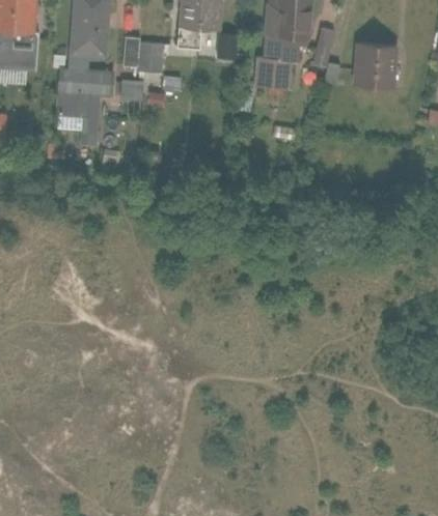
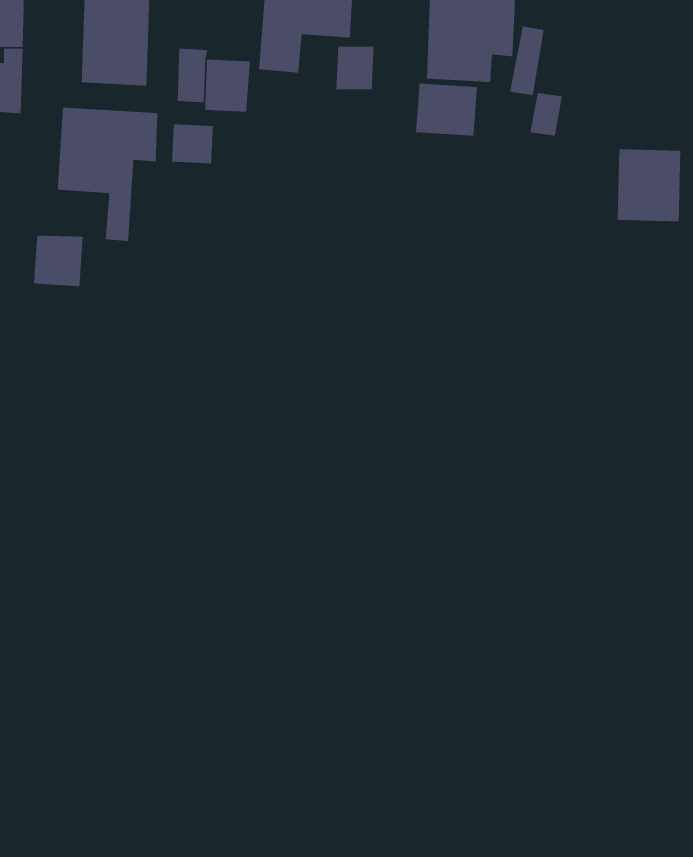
building: [353,44,389,85] -> [617,148,681,222]
building: none -> [33,235,84,287]

